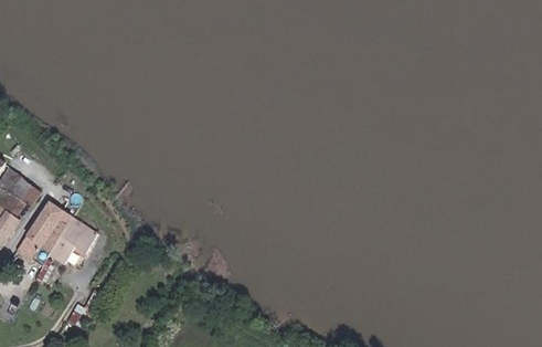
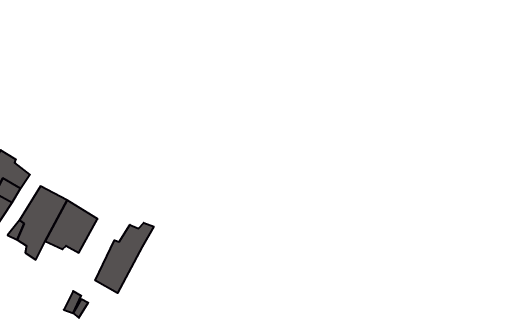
building: none -> [95,223,154,293]

